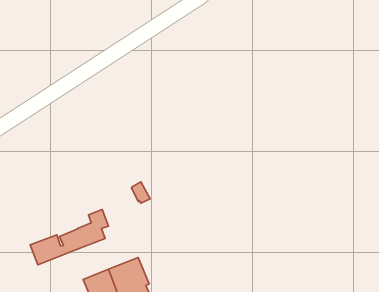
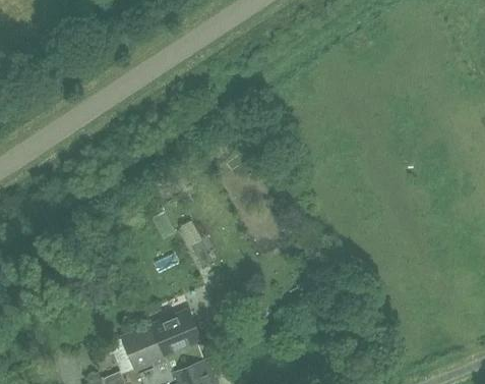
building: [30,209,109,265] -> none

